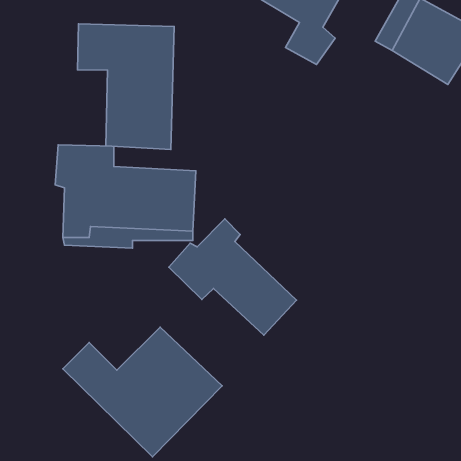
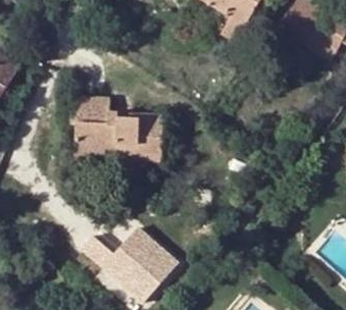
building: [77,24,174,149] -> none
building: [169,219,297,335] -> none

